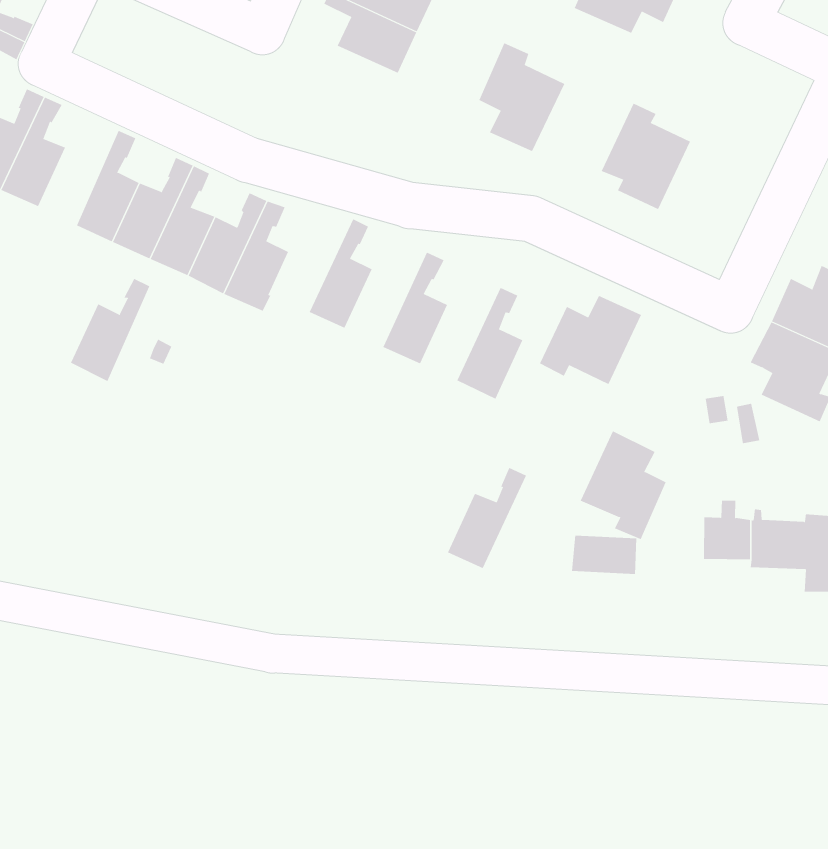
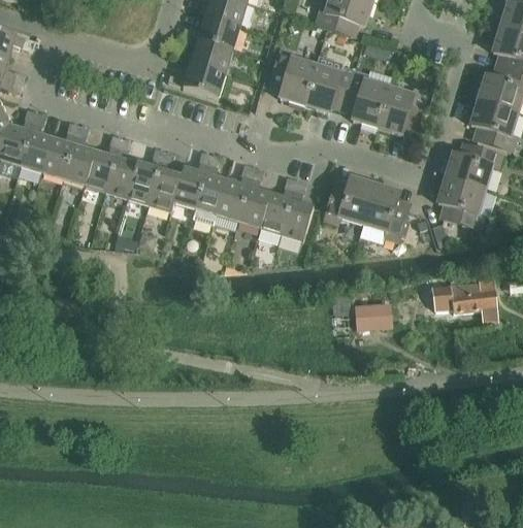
building: none -> [167,62,225,97]
building: none -> [303,57,354,111]
building: none -> [375,87,427,134]
building: none -> [172,151,211,207]
building: none -> [216,163,254,221]
building: [70,278,150,382] -> [41,121,78,178]
building: [580,431,667,540] -> [362,184,407,240]
building: [447,467,527,569] -> [259,176,296,233]

